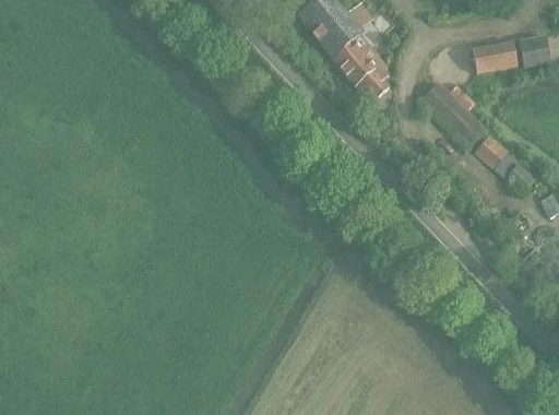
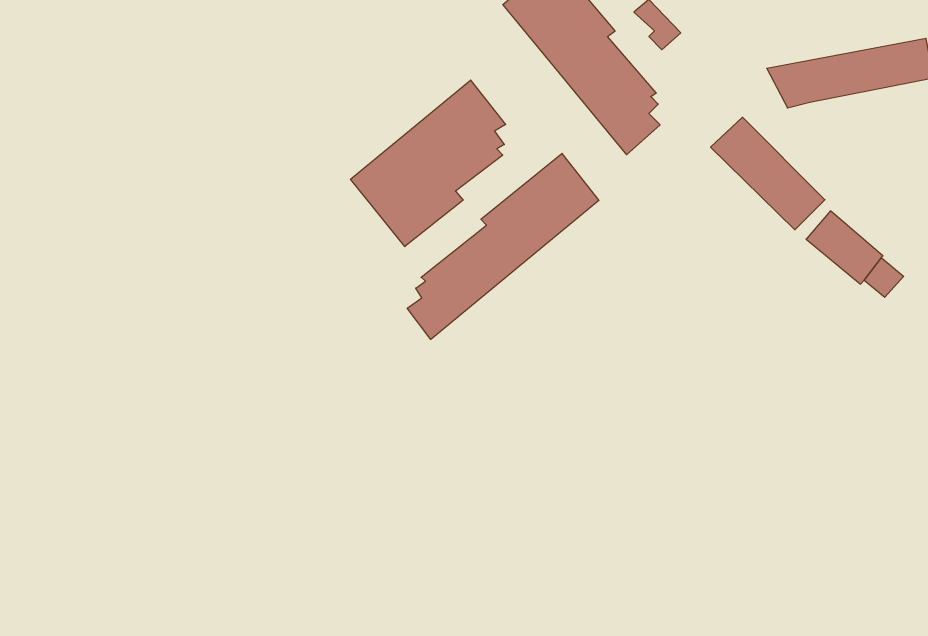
building: none -> [351,80,506,247]
building: none -> [407,153,599,339]

